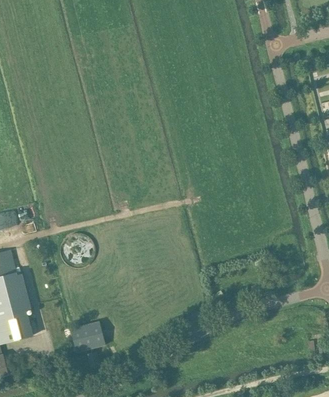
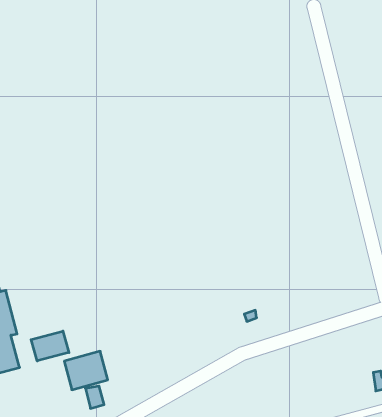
building: none -> [31,331,69,361]

